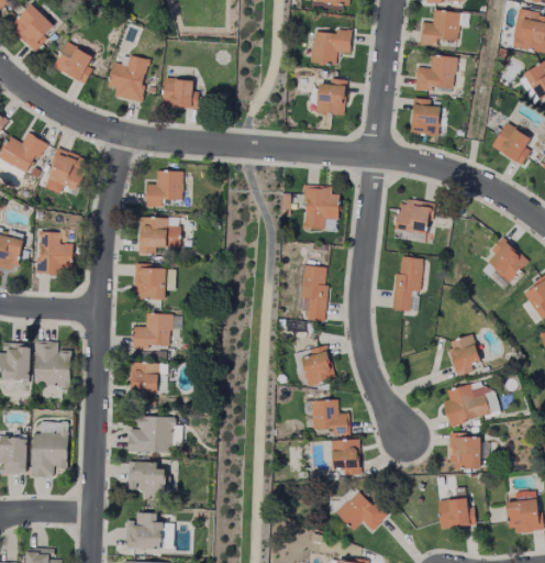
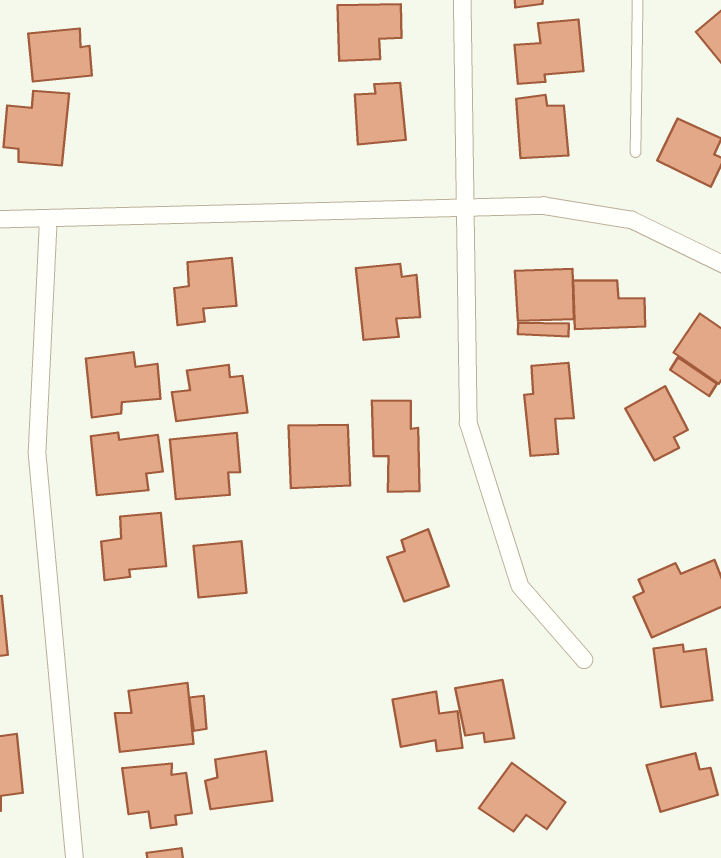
building: [163,79,199,109] -> [28,29,92,82]
building: [146,170,183,207] -> [174,258,236,325]
building: none -> [573,280,645,329]
building: none -> [172,365,247,421]
building: none -> [170,433,240,499]
building: none -> [289,425,350,488]
building: [446,334,481,377] -> [625,386,688,460]
building: [130,363,159,395] -> [193,541,246,597]
building: [312,400,349,435] -> [393,692,463,751]
building: none -> [205,751,272,809]

